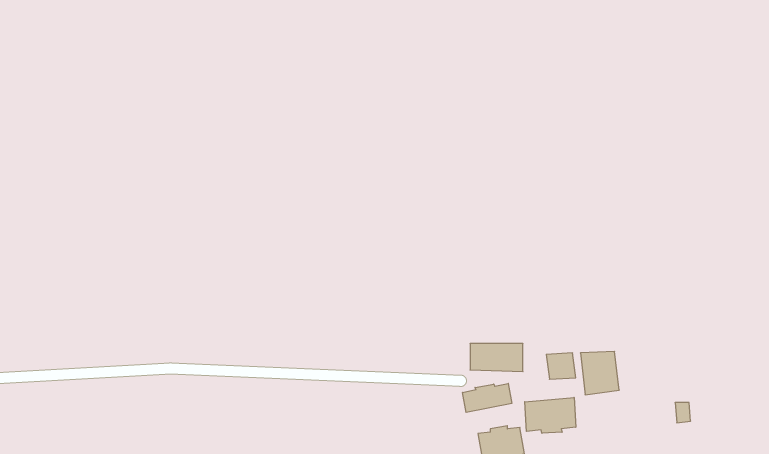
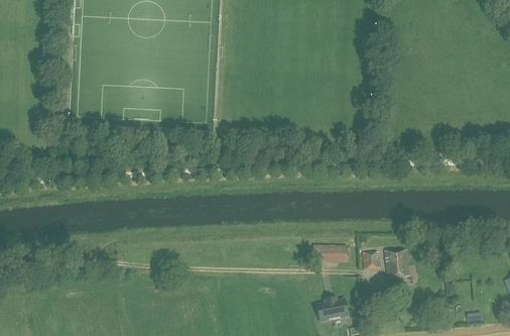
building: [463,383,512,412] -> none
building: [525,397,576,433] -> none

